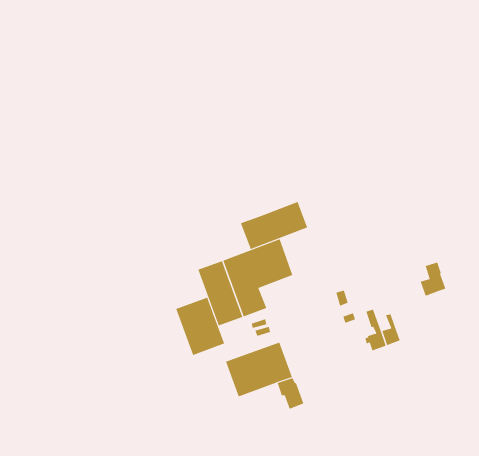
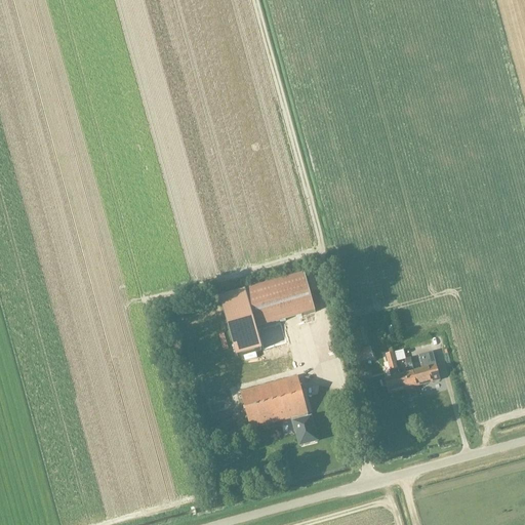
building: [240,201,308,250] -> none
building: [420,262,446,296] -> [413,349,439,382]
building: [175,297,225,356] -> none

